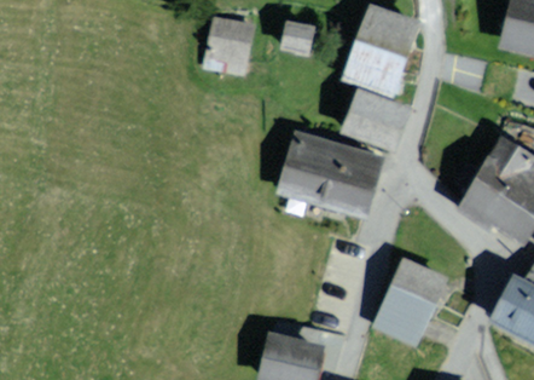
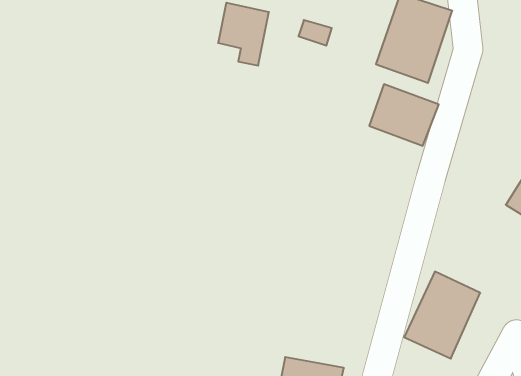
building: [281,134,375,205] -> none

